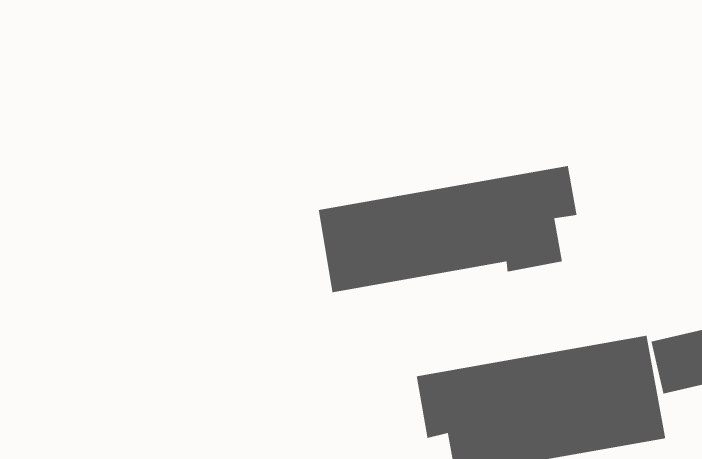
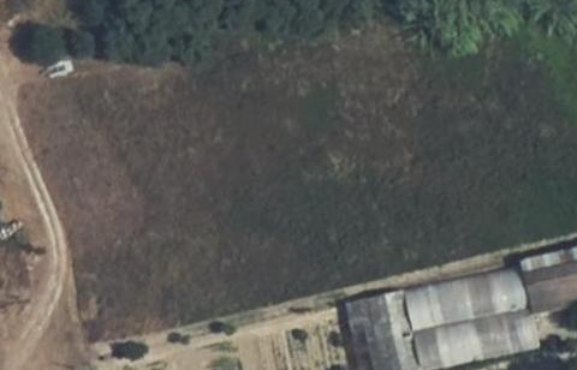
building: [318,165,578,293] -> none

